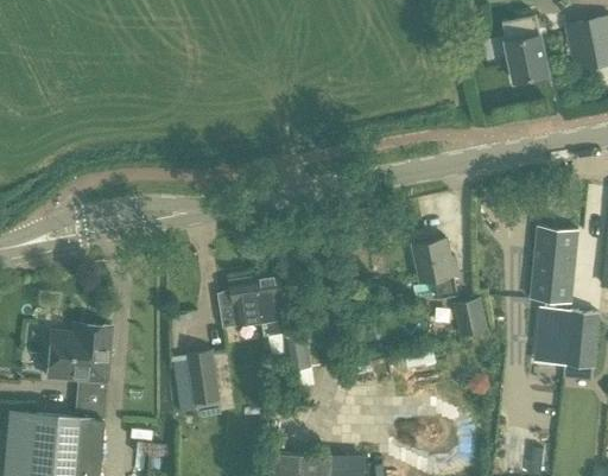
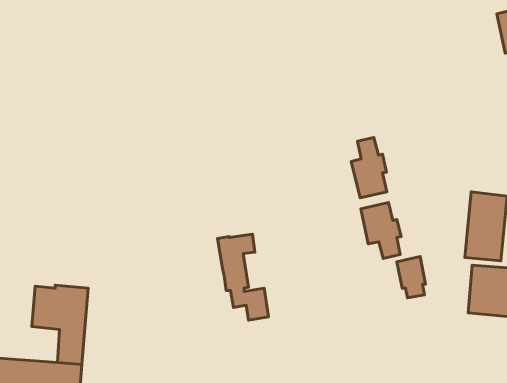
building: [502,15,549,82] -> none
building: none -> [351,138,387,198]
building: [218,278,261,325] -> none
building: [175,351,218,413] -> none

